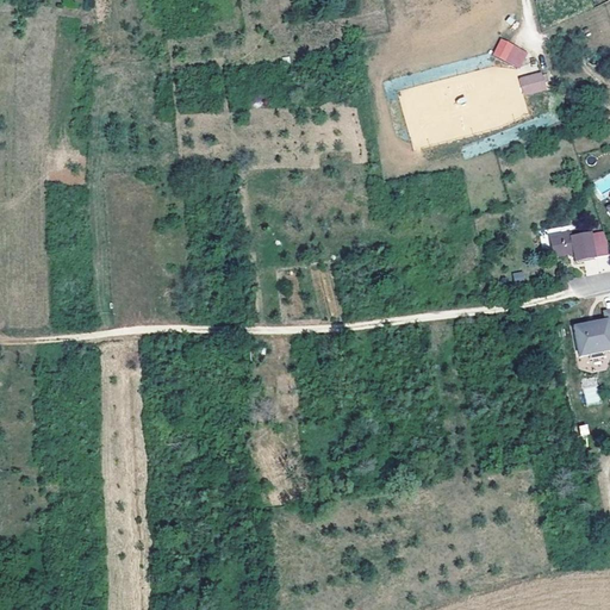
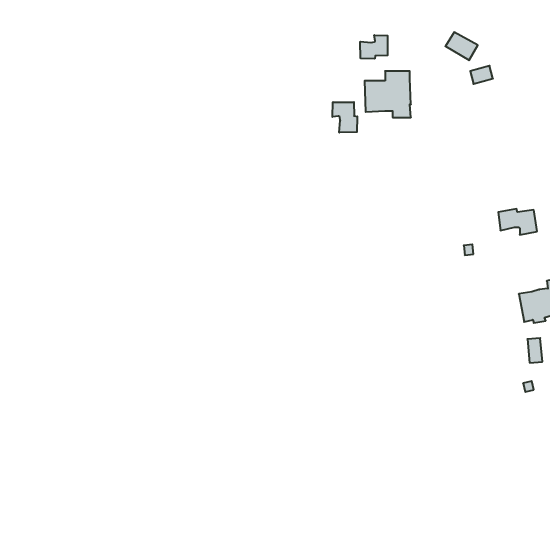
building: none -> [360,35,388,59]
building: none -> [332,102,357,133]

